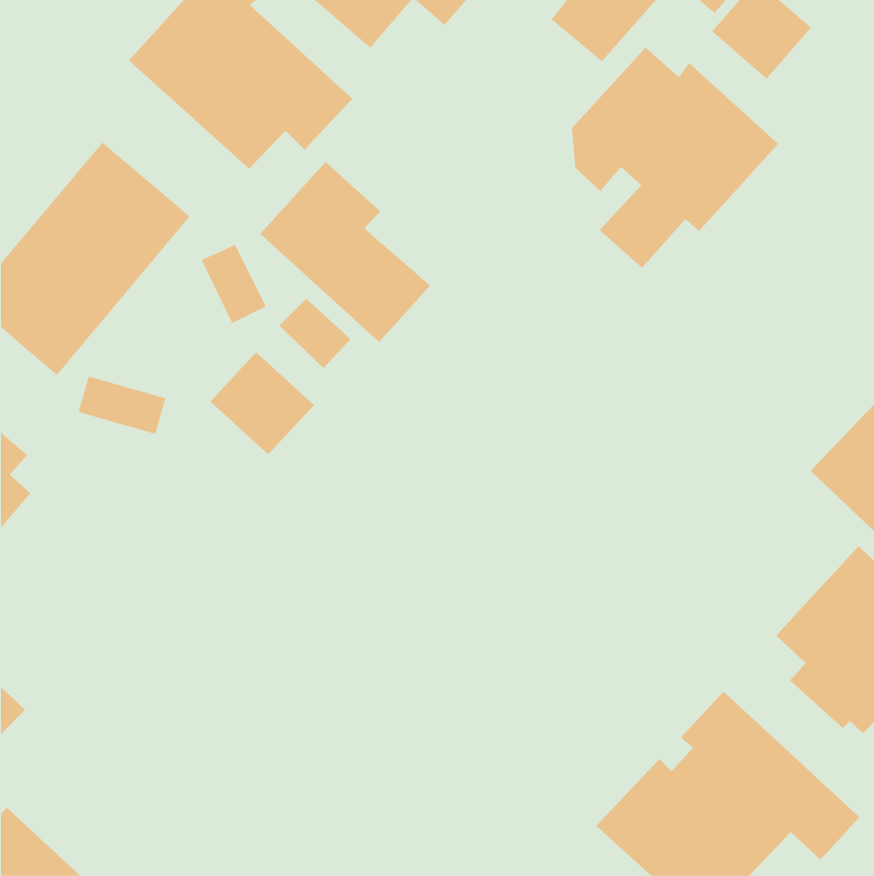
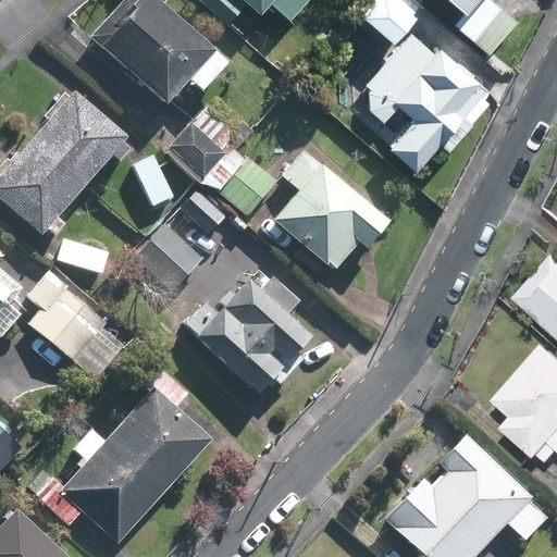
building: none -> [270,148,386,273]
building: none -> [28,270,126,380]
building: none -> [183,273,308,394]
building: none -> [27,369,211,543]

